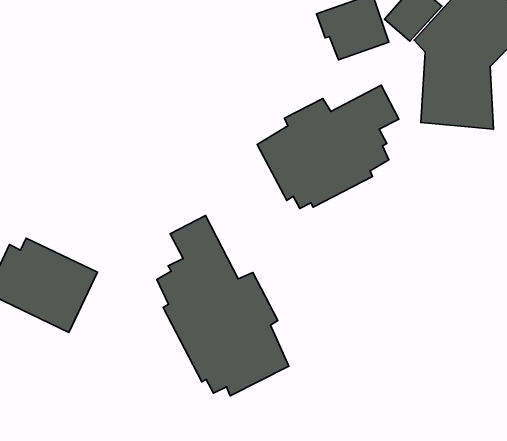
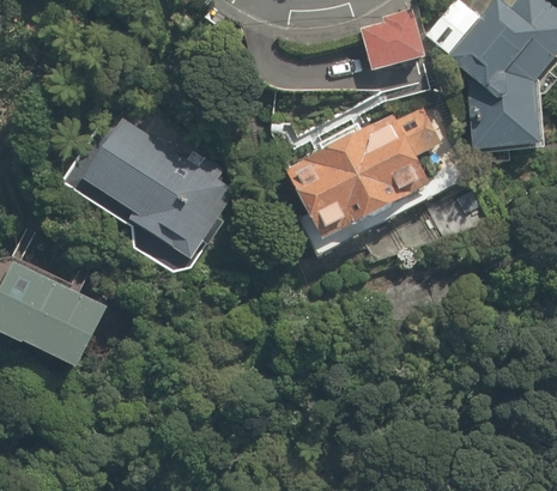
building: none -> [83,119,237,259]
building: [157,216,289,396] -> none

